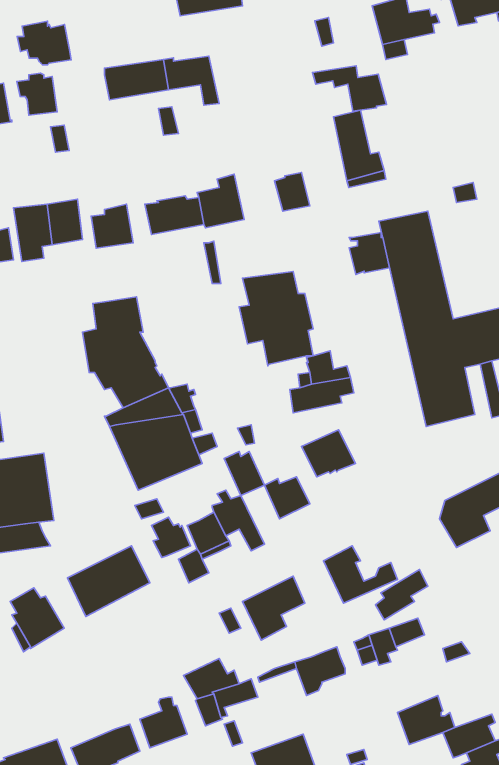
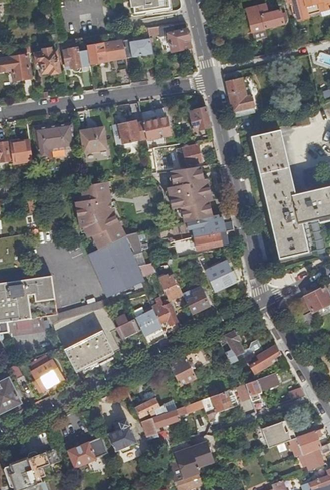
building: [17,21,71,65] -> [59,47,91,73]
building: [313,66,387,111] -> [147,24,192,51]
building: [349,233,390,275] -> [178,141,202,166]

